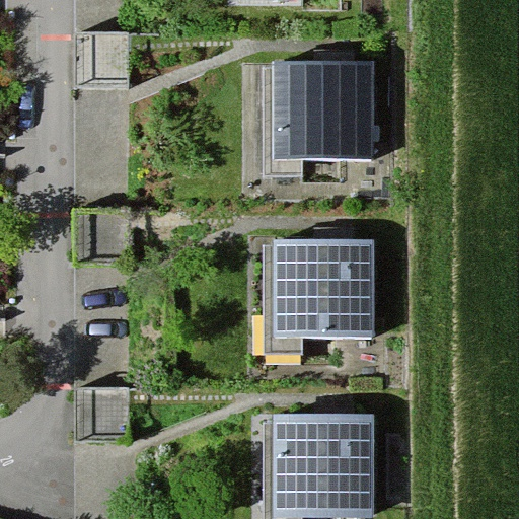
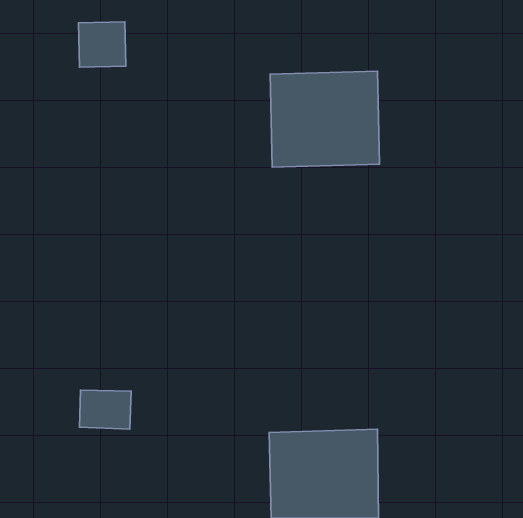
building: [267,242,375,337] -> none

